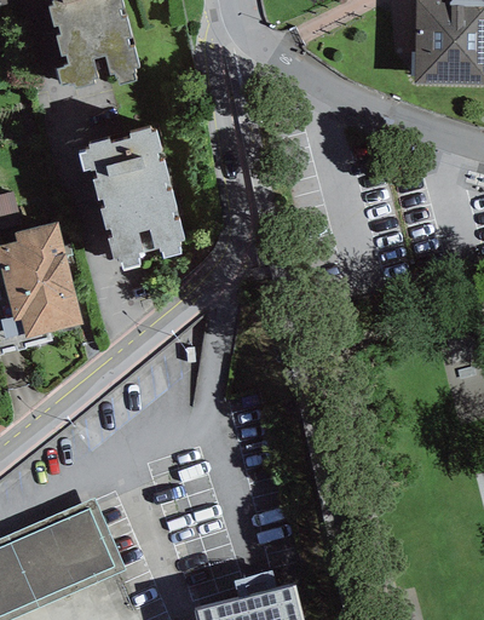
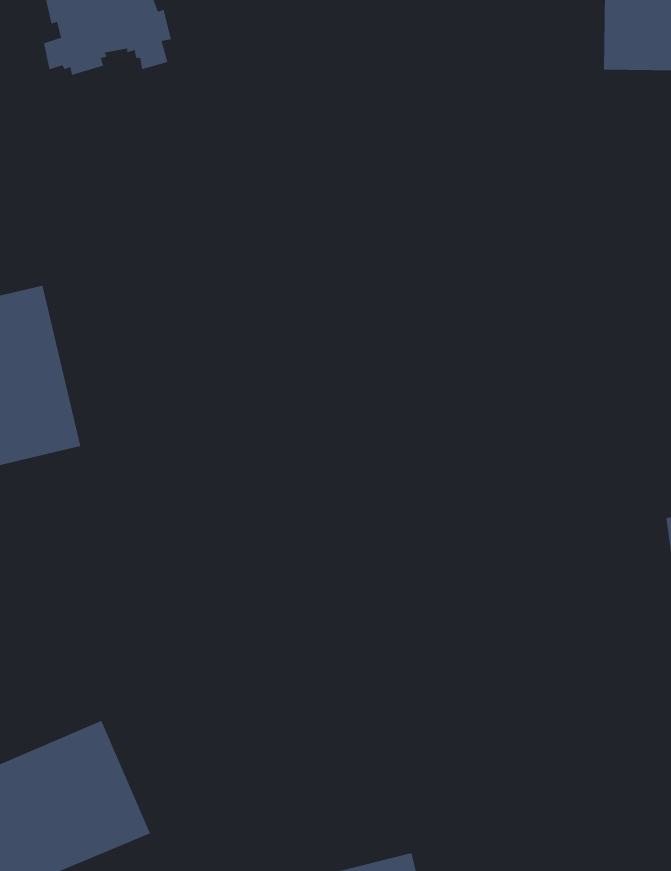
building: [79,124,184,268] -> none

